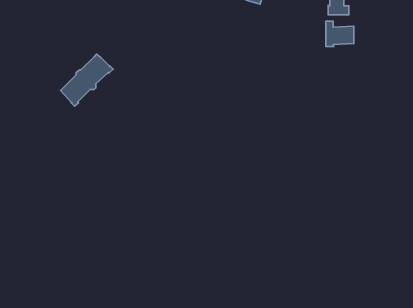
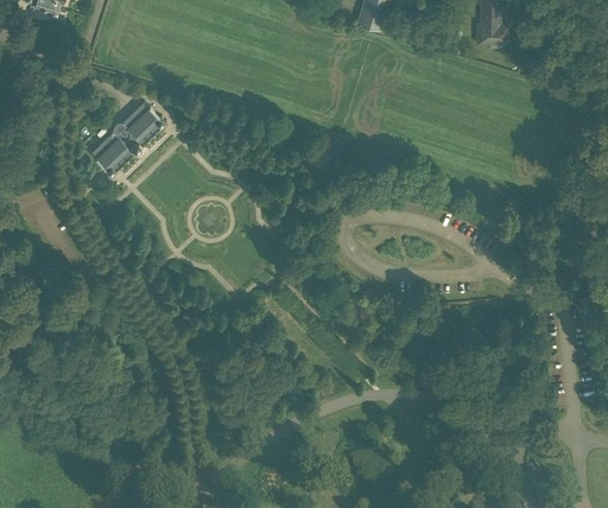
building: [326,21,354,46] -> none

